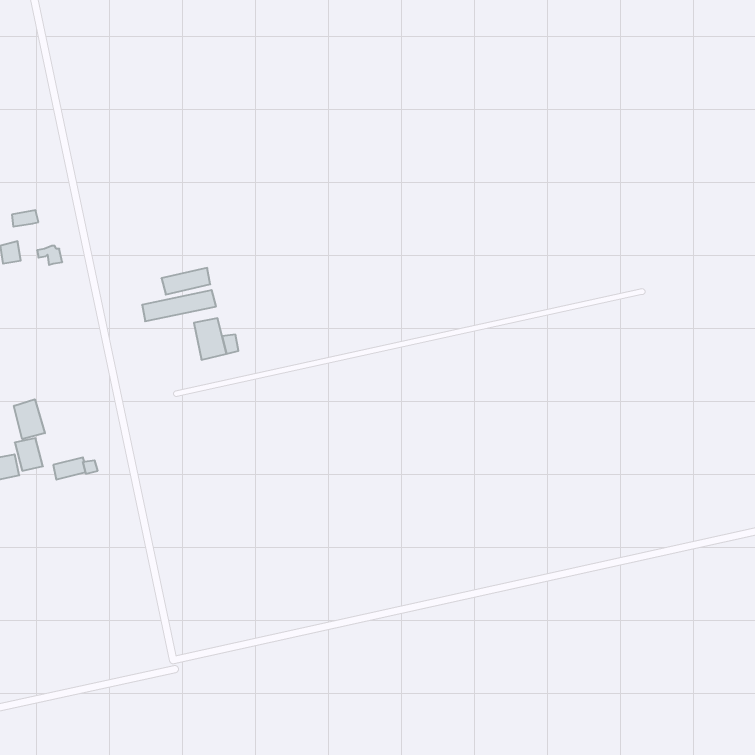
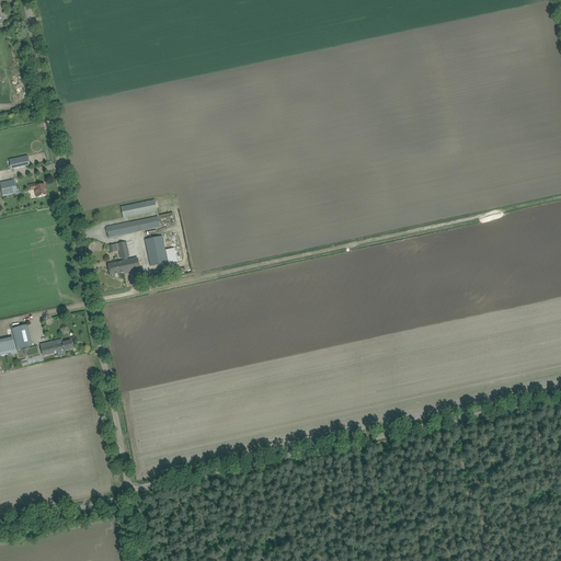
building: none -> [107,241,139,274]
building: [14,399,45,439] -> none

